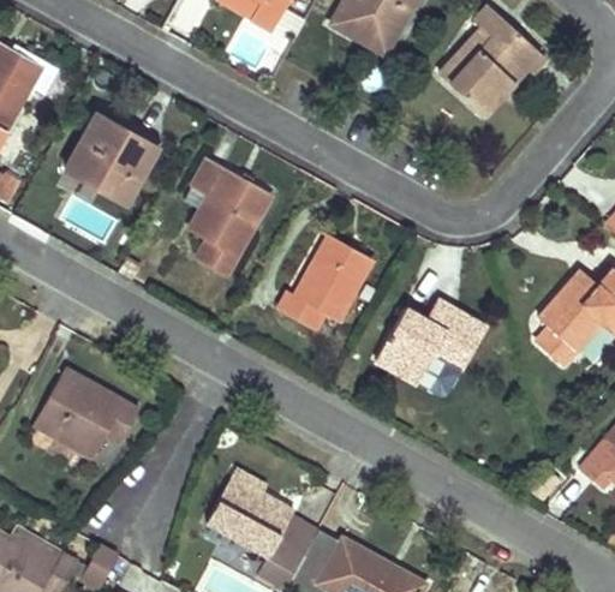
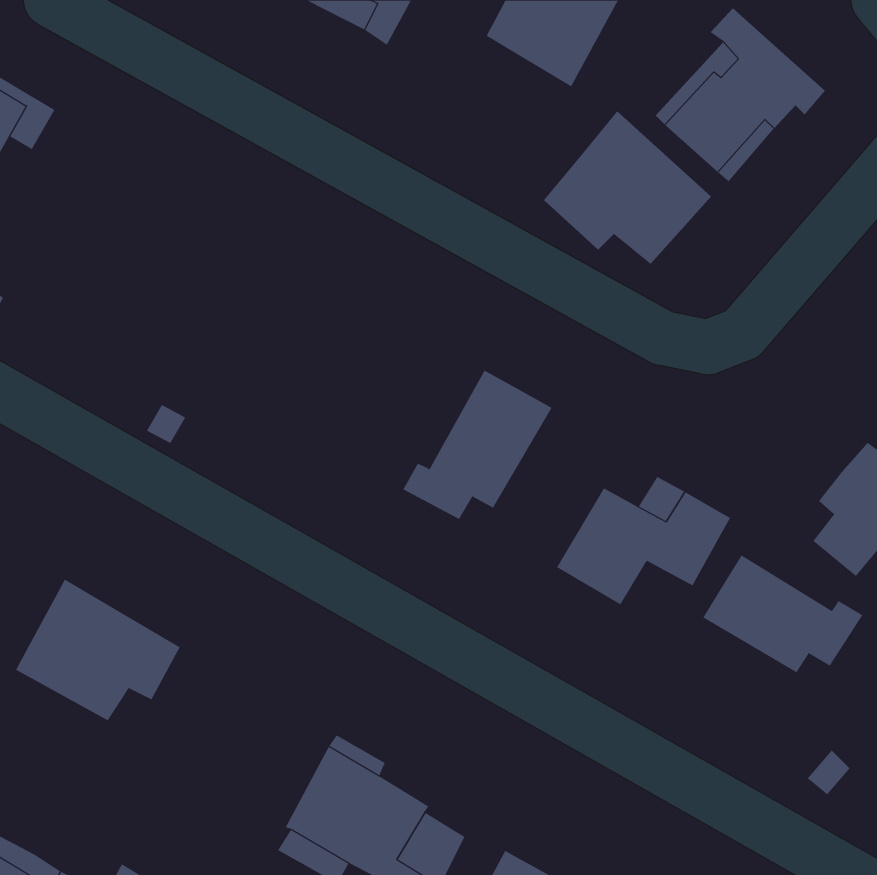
building: none -> [543,111,712,265]
building: [64,122,154,202] -> none
building: [191,160,269,274] -> none
building: none -> [702,555,863,673]

